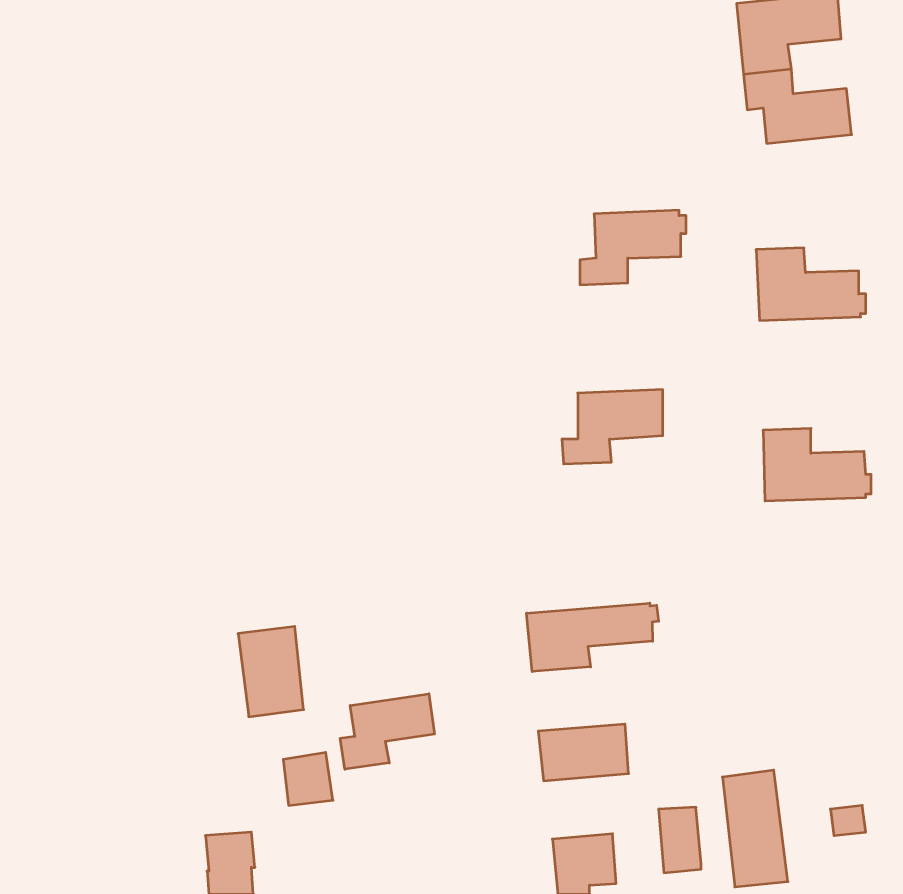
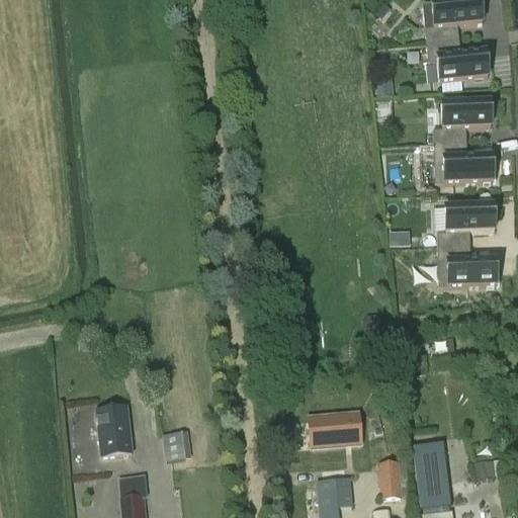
building: [580,210,686,285] -> [433,100,494,143]
building: [562,390,663,464] -> [436,203,494,246]
building: [527,603,659,672] -> none
building: [238,626,304,717] -> [95,405,133,456]
building: [340,694,434,769] -> none

